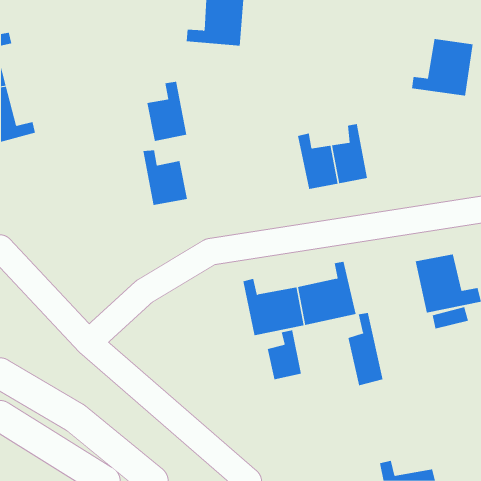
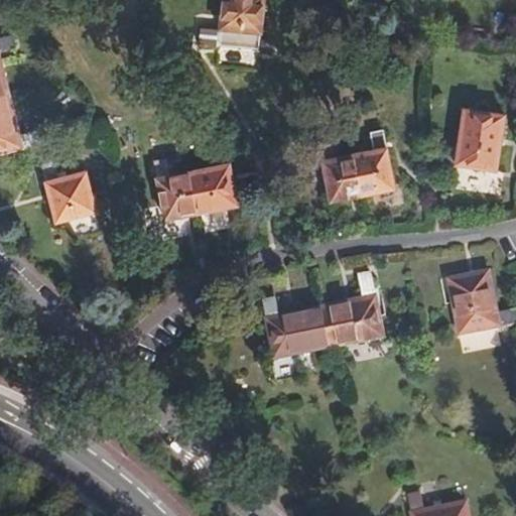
building: [411,39,473,96] -> [438,110,505,171]
building: [147,81,187,142] -> [194,148,237,213]
building: none -> [40,163,96,222]
building: [348,312,383,386] -> none
building: [267,330,302,380] -> none

